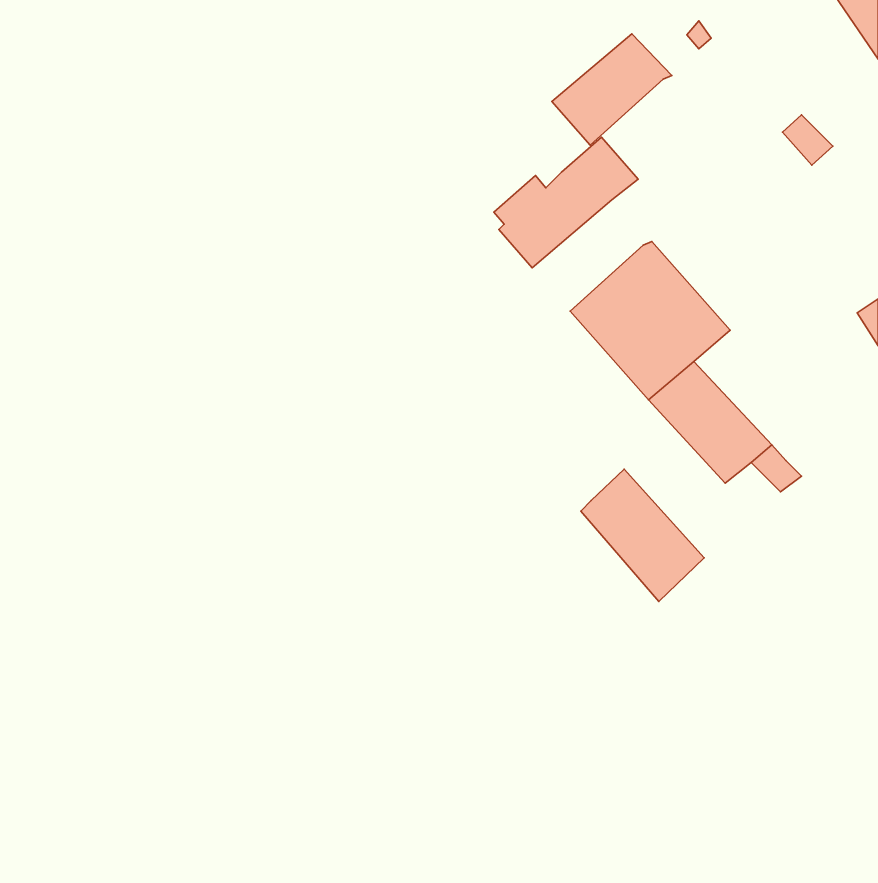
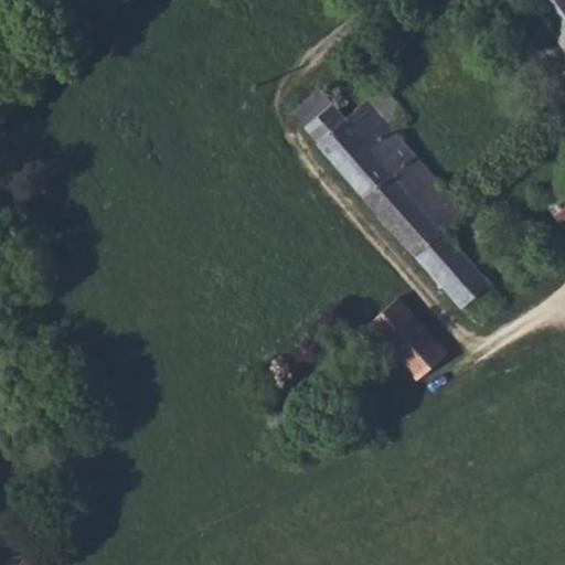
building: [552,34,672,145] -> [338,127,414,198]
building: none -> [292,89,340,135]

